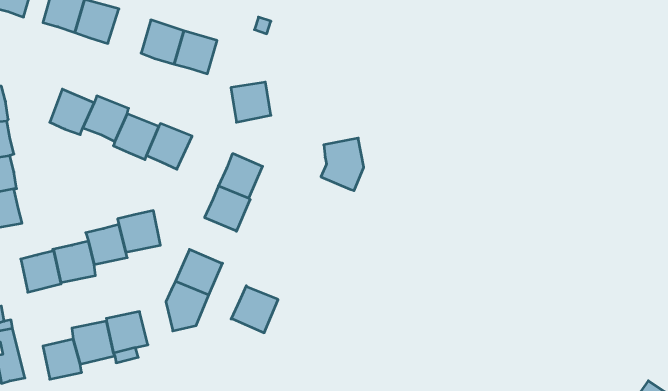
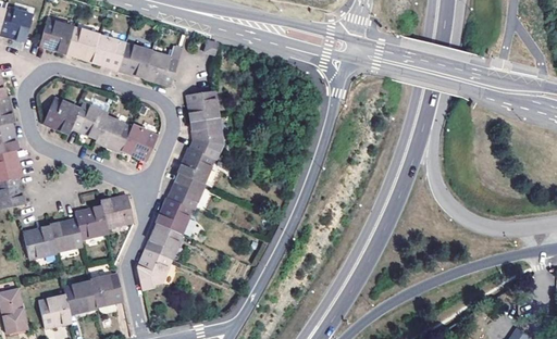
building: none -> [90,35,124,70]
building: [321,138,364,191] -> [189,118,223,160]
building: [231,286,278,333] -> [153,198,190,235]

